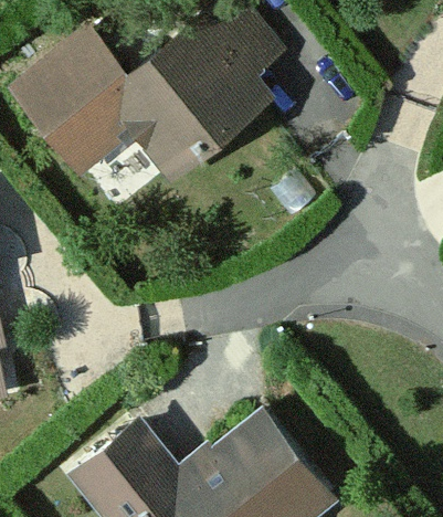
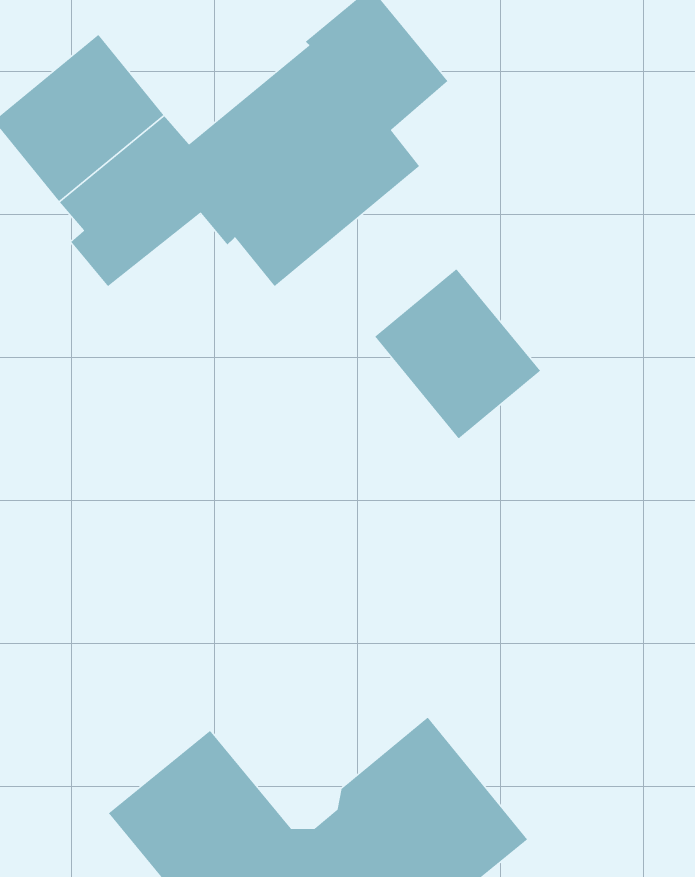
building: none -> [374,268,541,439]

